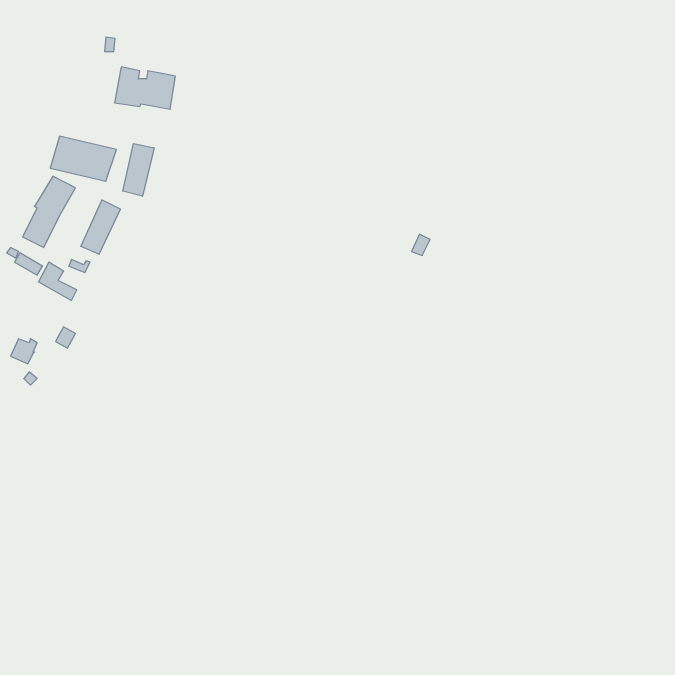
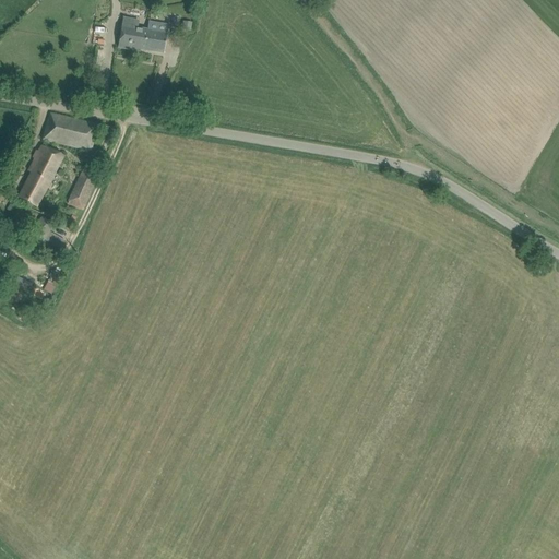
building: [115,67,175,109] -> [117,17,167,52]
building: [123,144,154,196] -> none

